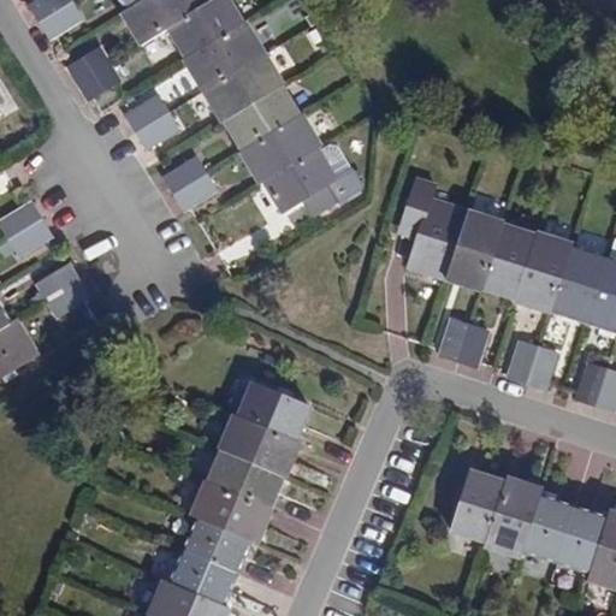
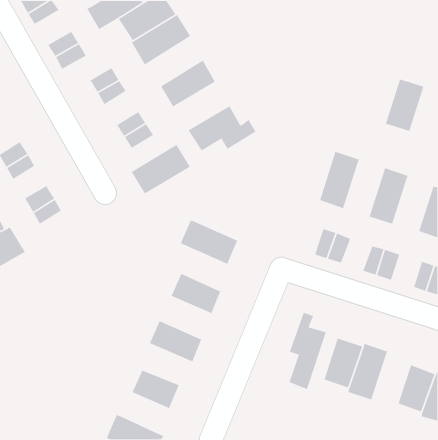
building: [202,51,285,122] -> none
building: [239,113,324,183] -> [130,144,191,194]
building: [402,177,468,280] -> none
building: [481,226,537,301] -> [385,78,425,132]
building: [550,248,605,324] -> none
building: [219,413,301,475] -> [180,220,238,265]
building: none -> [289,312,327,390]
building: [190,479,273,541] -> none
building: [522,497,574,564] -> none
building: [170,549,237,605] -> none

